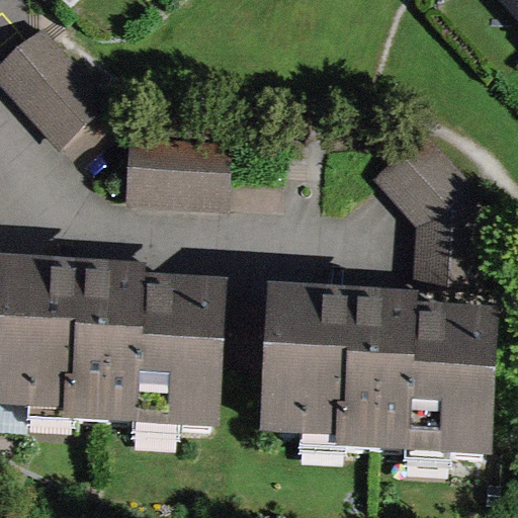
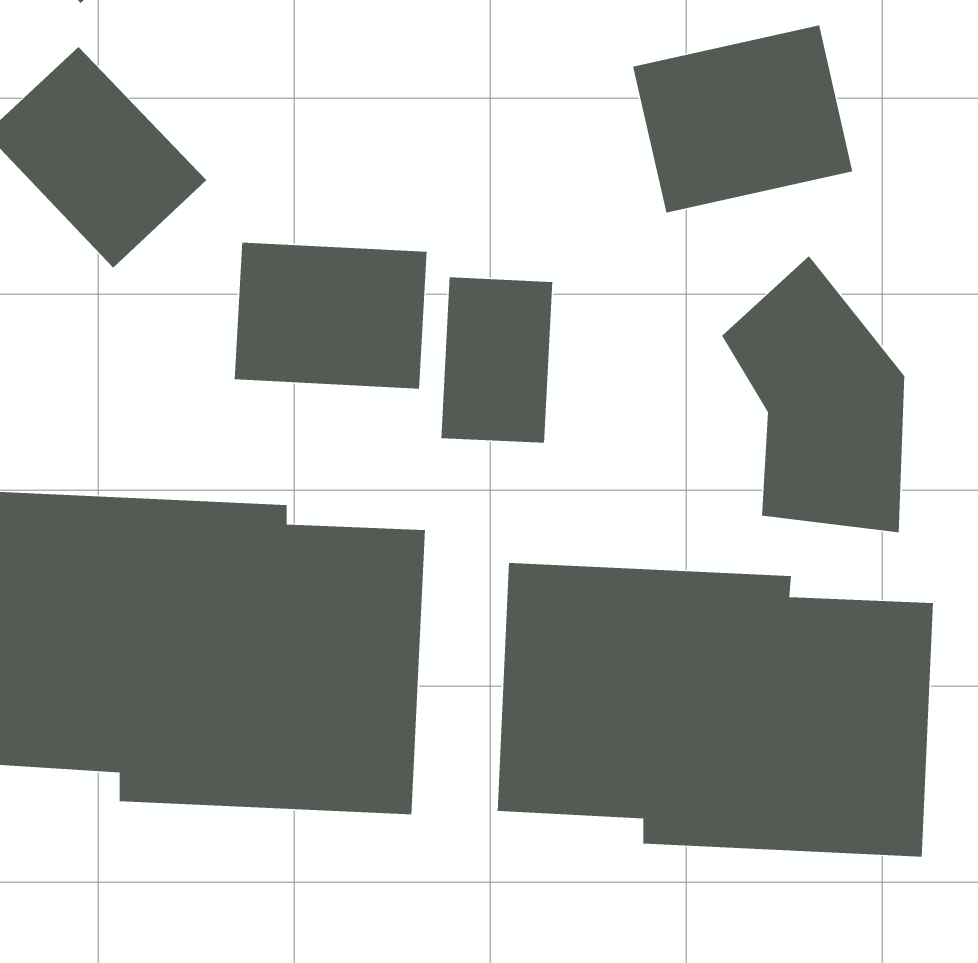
building: none -> [632,24,853,214]
building: none -> [441,277,553,444]

